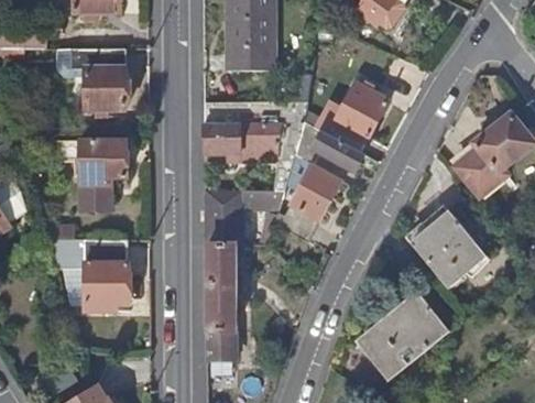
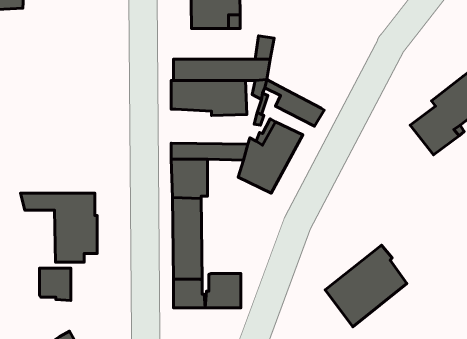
building: [56,46,123,109] -> none
building: [317,83,386,152] -> none
building: [78,140,125,208] -> none
building: [412,211,485,288] -> none
building: none -> [40,268,71,300]
building: none -> [205,273,241,308]

